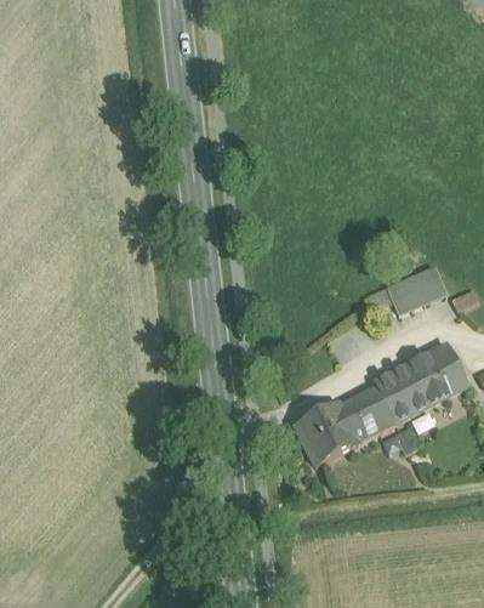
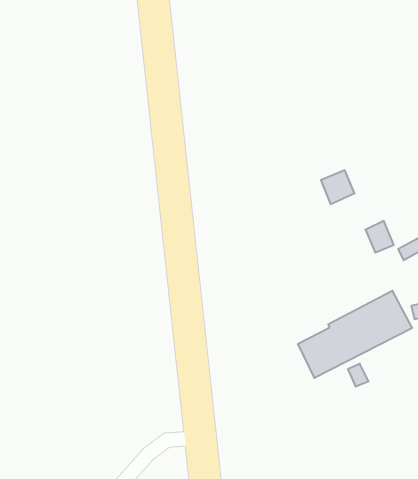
building: [388,277,426,314] -> [321,170,355,204]
building: [296,404,358,465] -> none

